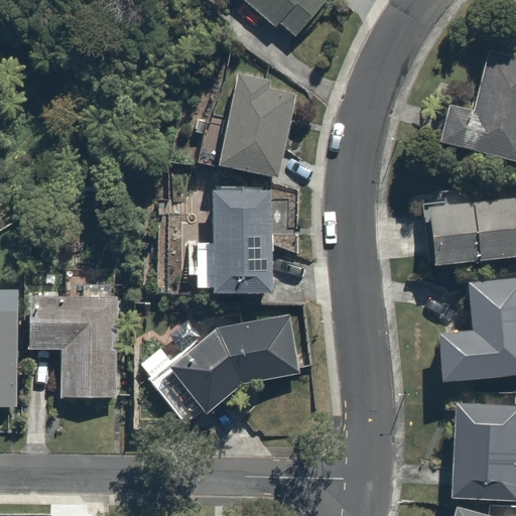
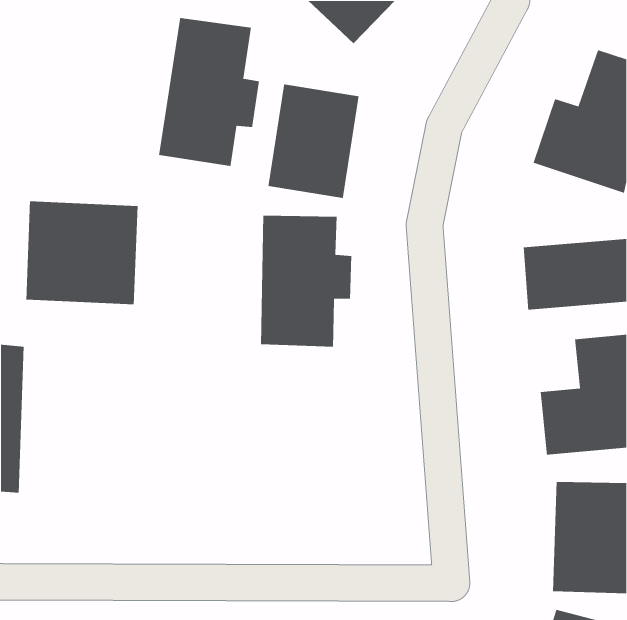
building: none -> [158,17,260,167]
building: none -> [25,201,139,305]
building: [35,264,125,403] -> none
building: [138,316,302,431] -> none

